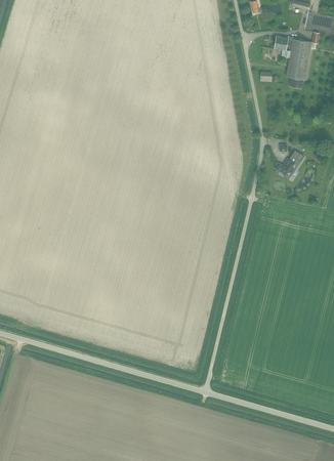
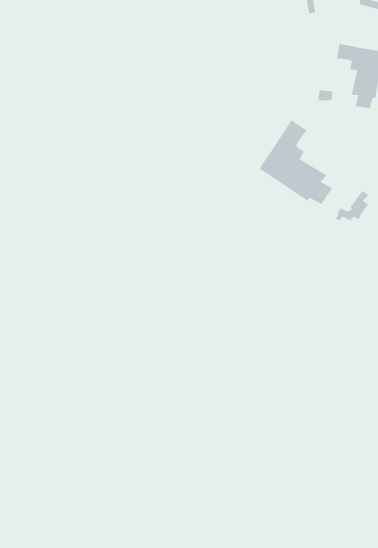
building: none -> [259,119,333,205]

